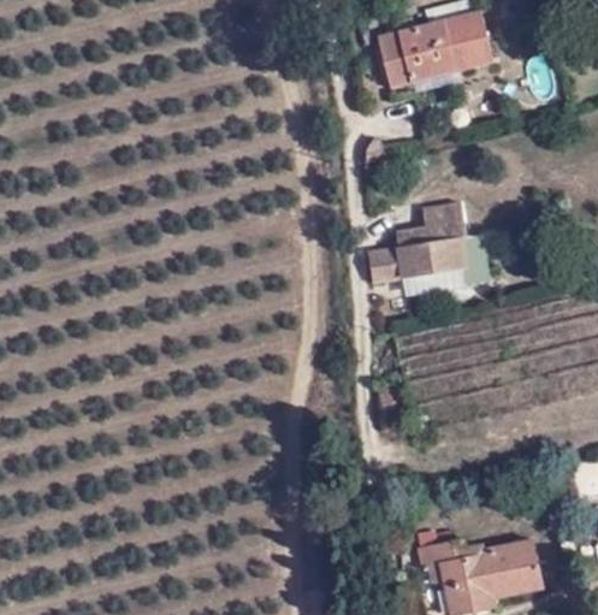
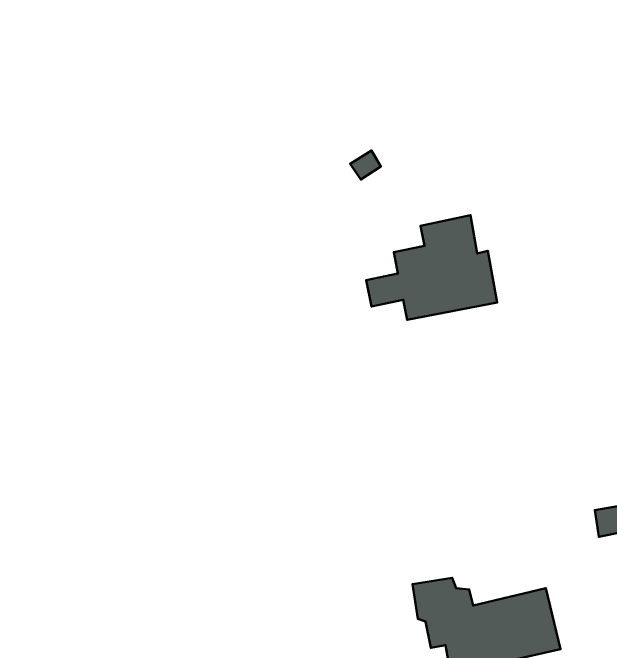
building: [375,10,493,88] -> none

